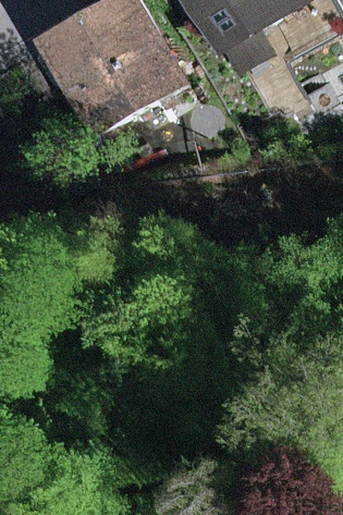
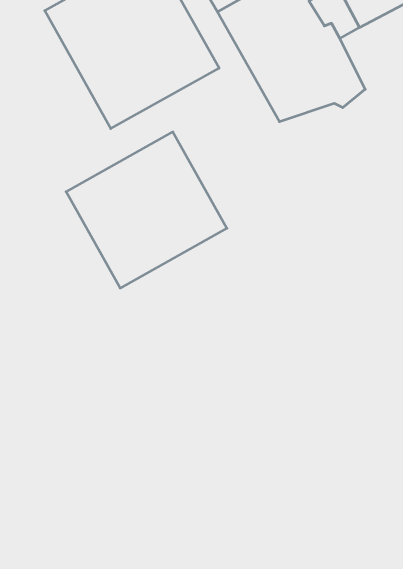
building: none -> [66,132,227,288]

